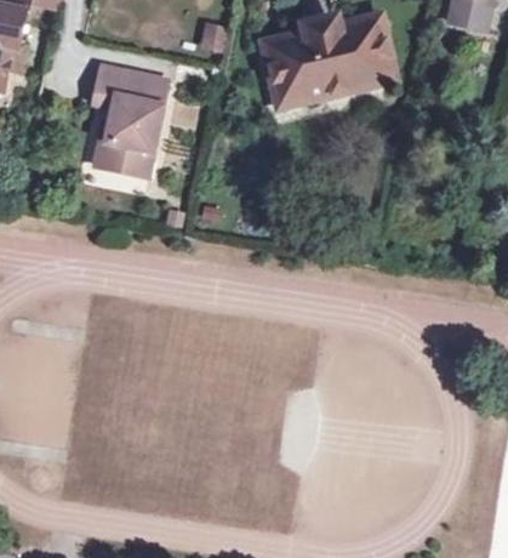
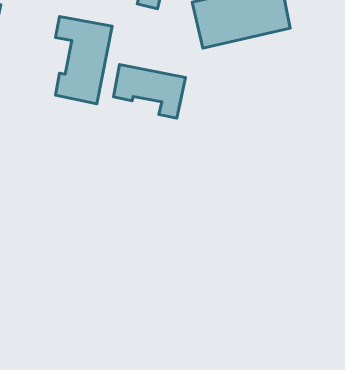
building: none -> [114,65,185,118]

